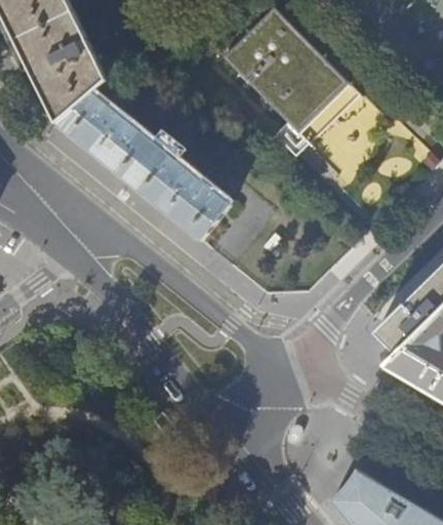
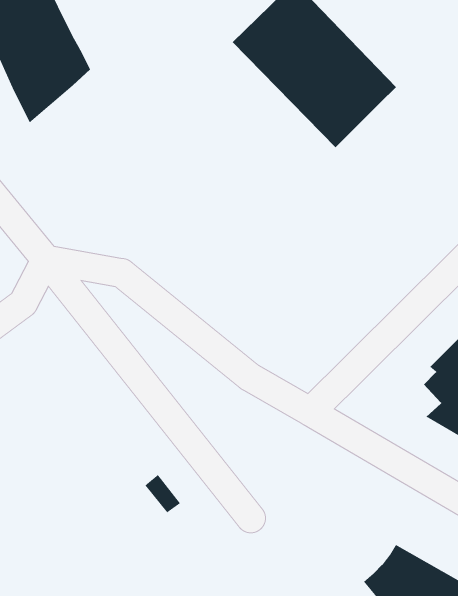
building: [57,92,231,240] -> none

